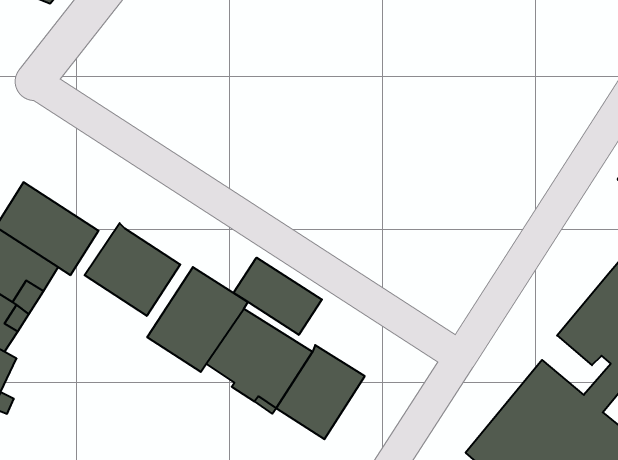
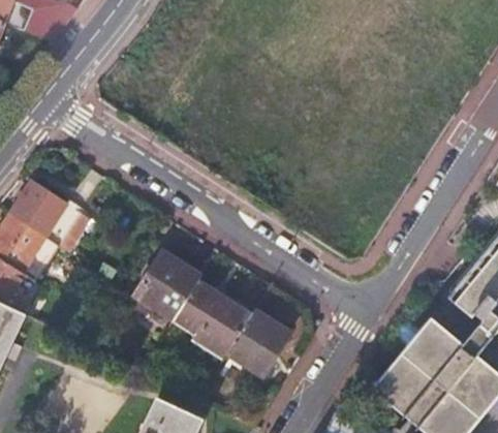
building: [85,223,180,316] -> none
building: [234,258,322,335] -> none

